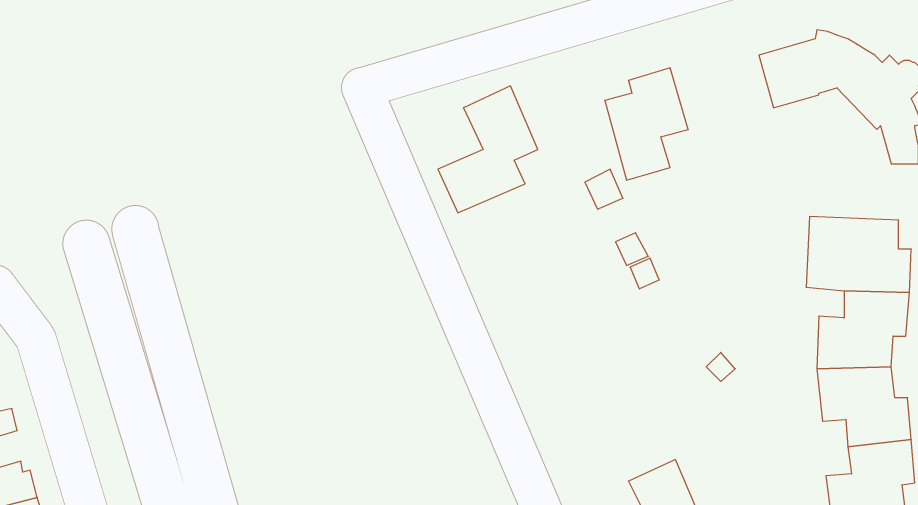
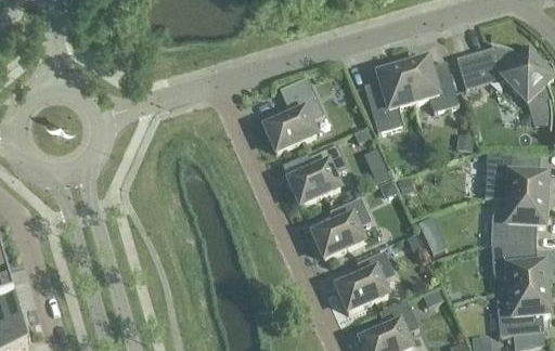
building: none -> [402,58,457,110]
building: none -> [288,143,347,205]
building: none -> [312,197,371,258]
building: none -> [336,250,393,311]

